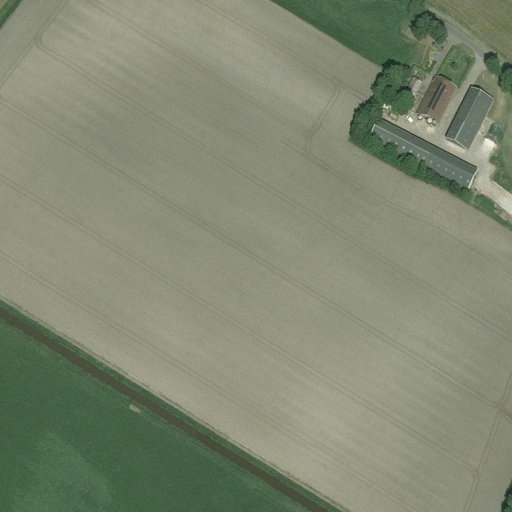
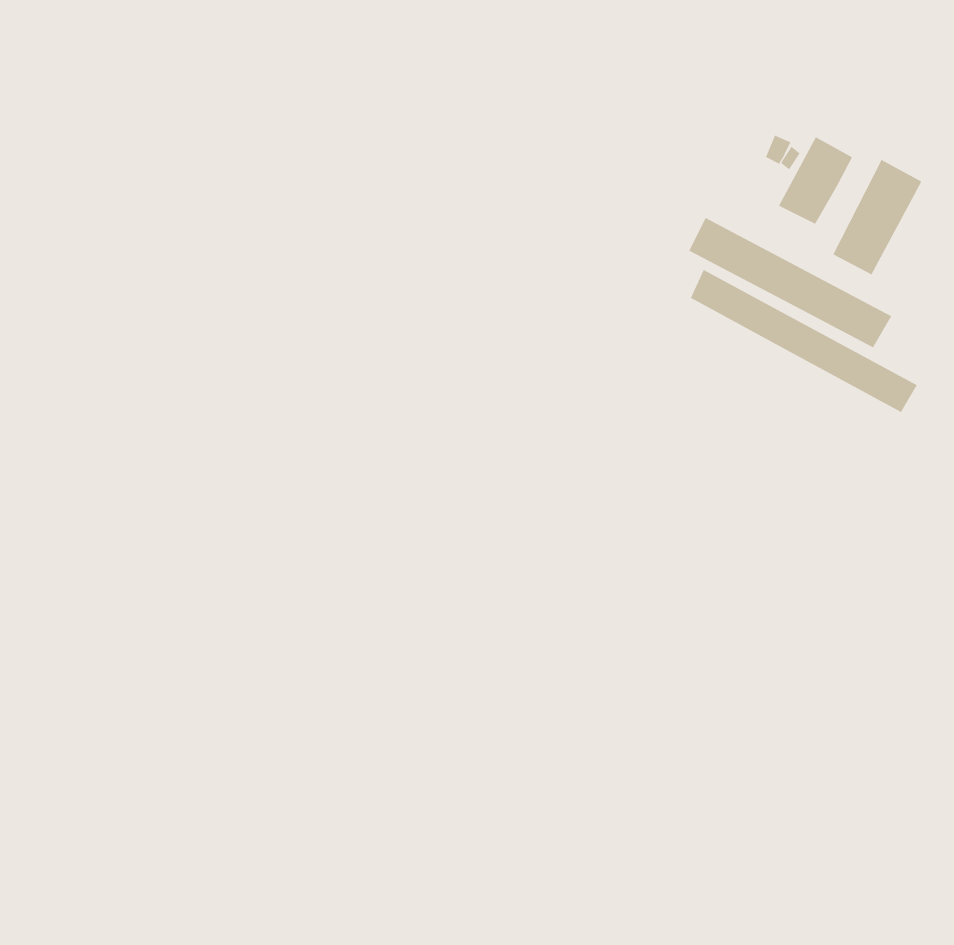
building: none -> [690,269,917,413]

